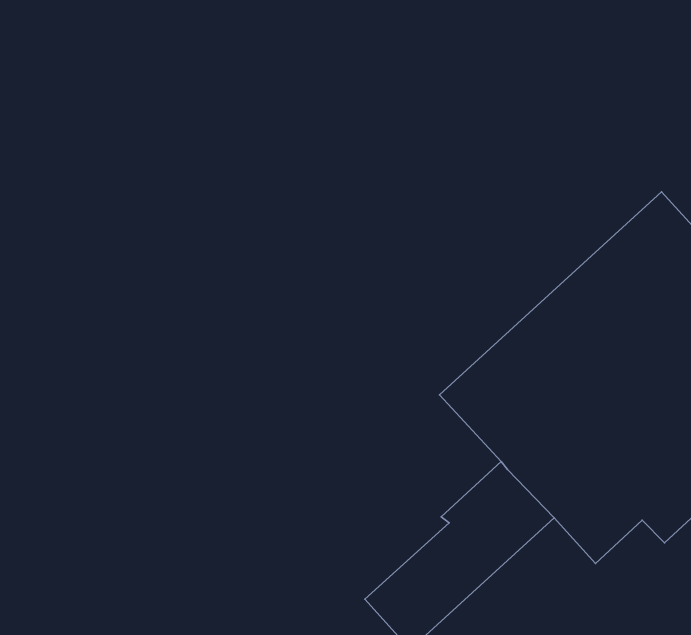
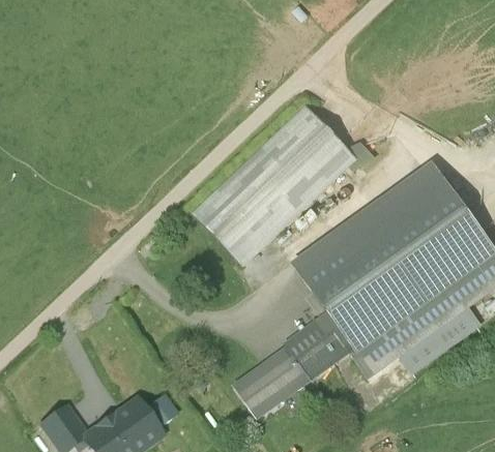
building: none -> [197,107,355,261]

